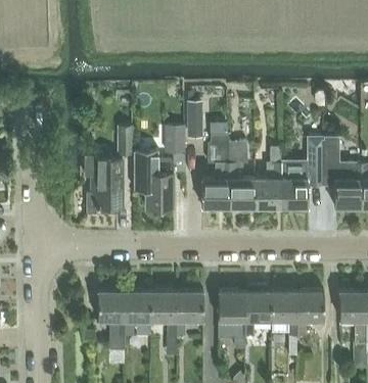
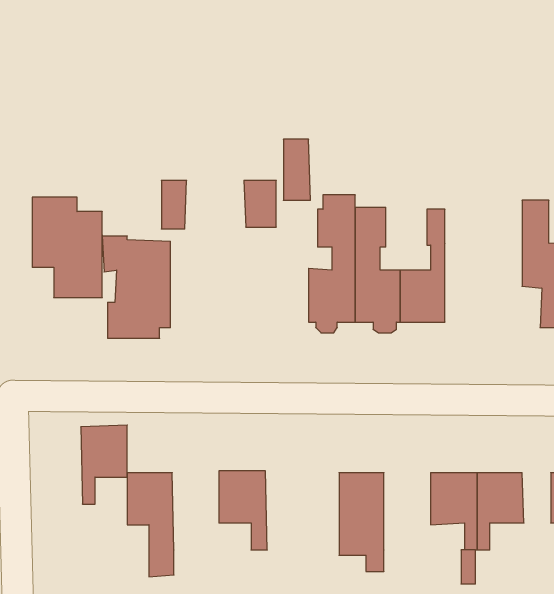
building: [279,137,323,206] -> none
building: [133,151,173,208] -> [32,197,102,298]
building: [244,286,271,336] -> none
building: [124,291,150,336] -> [81,425,127,504]
building: [177,291,203,336] -> none

